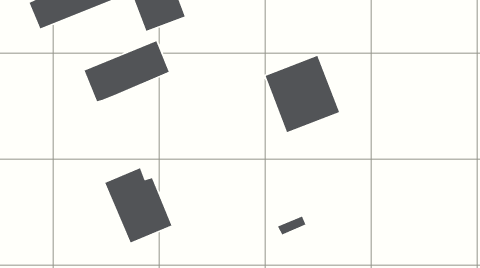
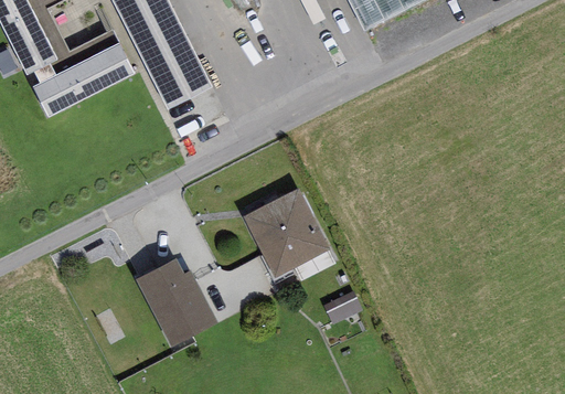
building: [84,40,170,102] -> none
building: [264,55,340,133] -> [241,187,329,277]

